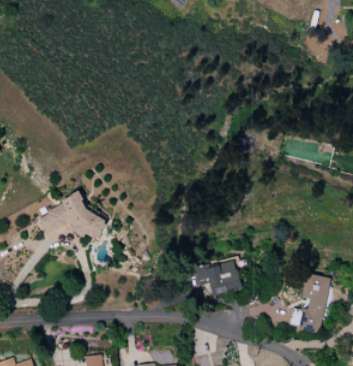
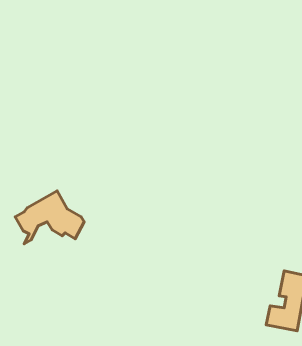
building: [196,257,242,296] -> none

